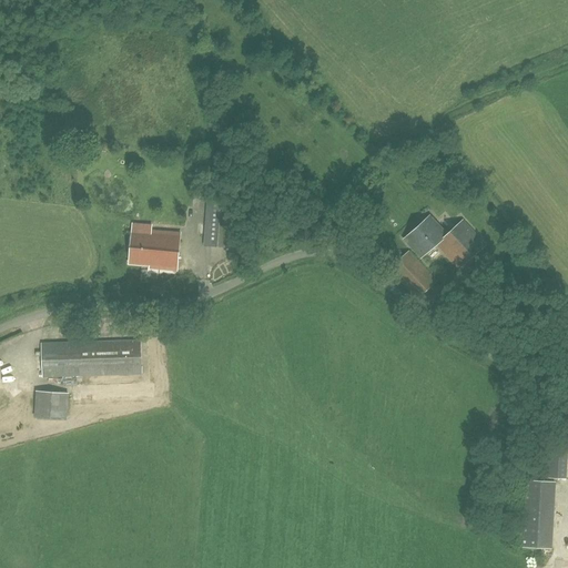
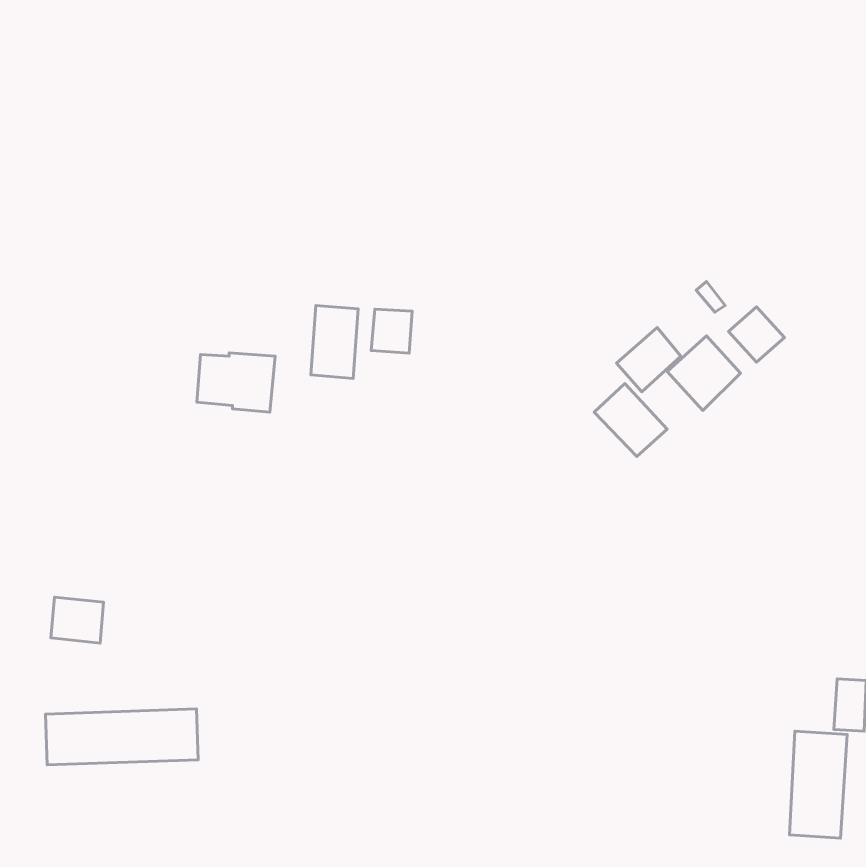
building: none -> [728,307,785,362]
building: none -> [371,309,412,353]
building: [41,339,141,376] -> [45,709,198,765]

